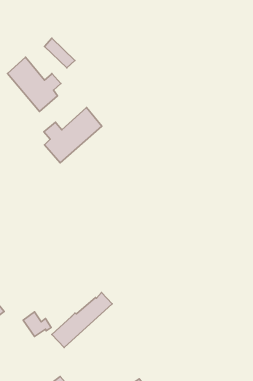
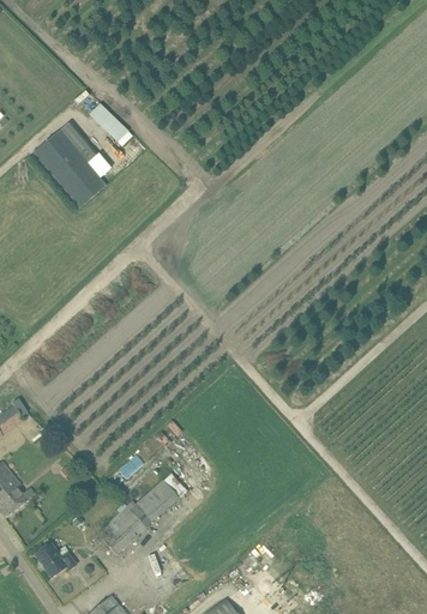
building: [44,107,102,163] -> none
building: [23,312,51,337] -> [35,541,76,577]

